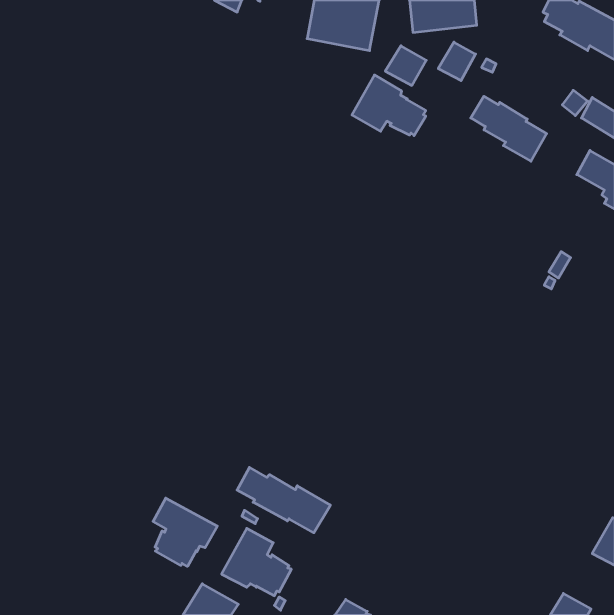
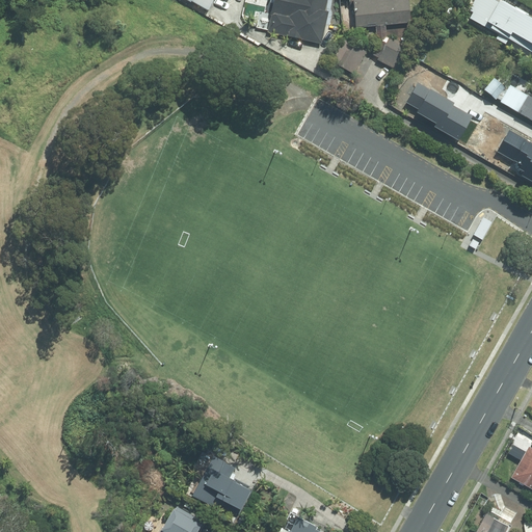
building: [352,75,426,136] -> none
building: [237,467,330,533] -> none
building: [153,498,217,566] -> none

